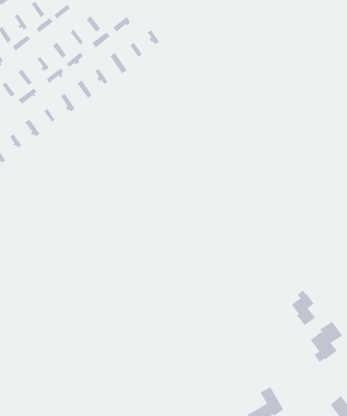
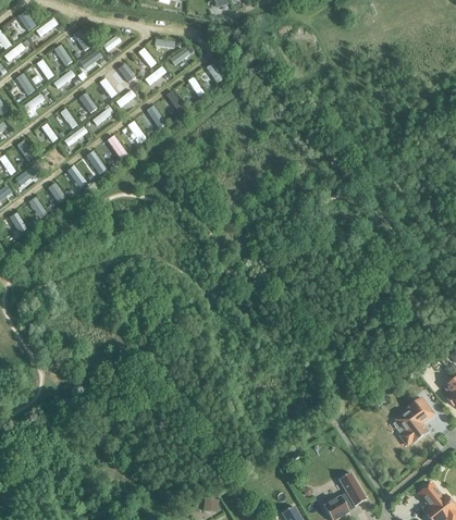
building: [291,289,316,326] -> none

